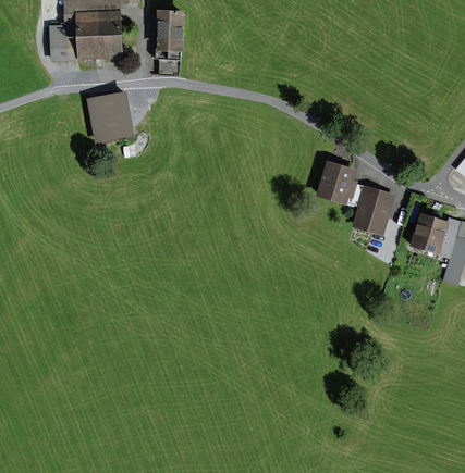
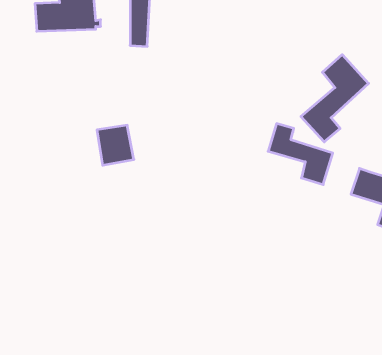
building: none -> [301,55,369,142]
building: [89,94,132,139] -> [97,125,134,165]

